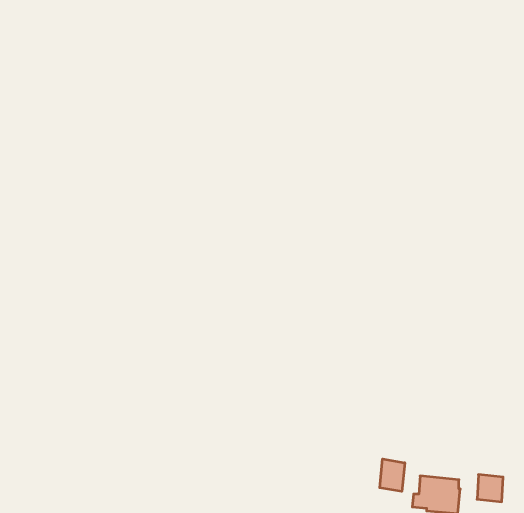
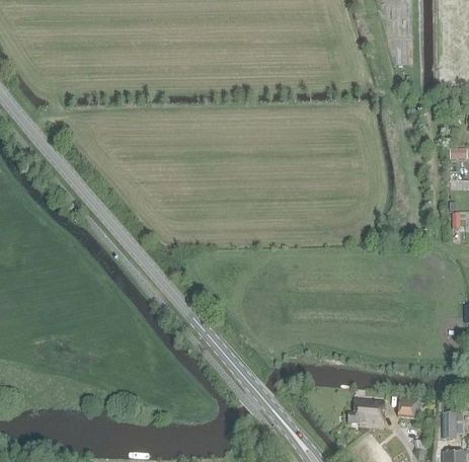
building: [380,459,405,491] -> none

